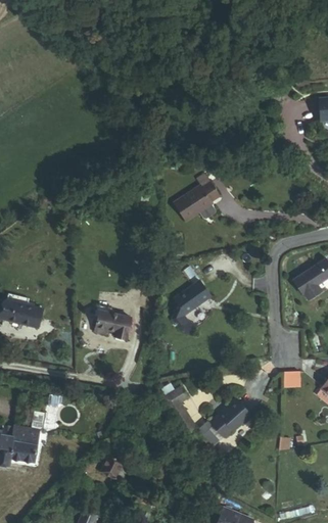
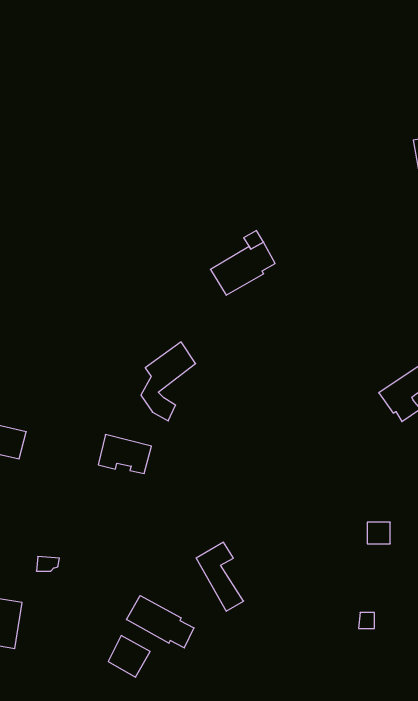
building: [172,281,210,337] -> [141,342,196,421]
building: [210,398,252,437] -> none
building: none -> [126,596,194,648]

